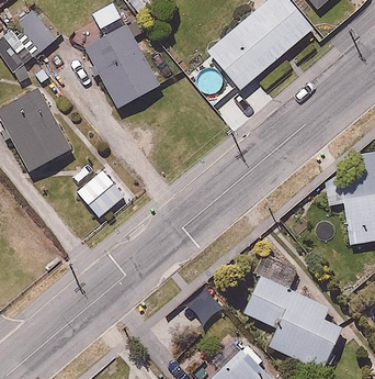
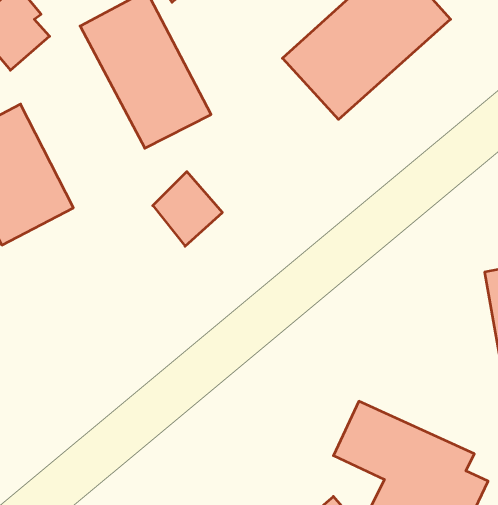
building: [79,172,124,221] -> [153,172,222,246]

